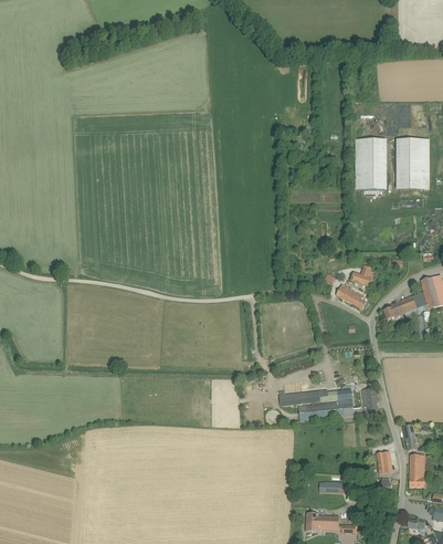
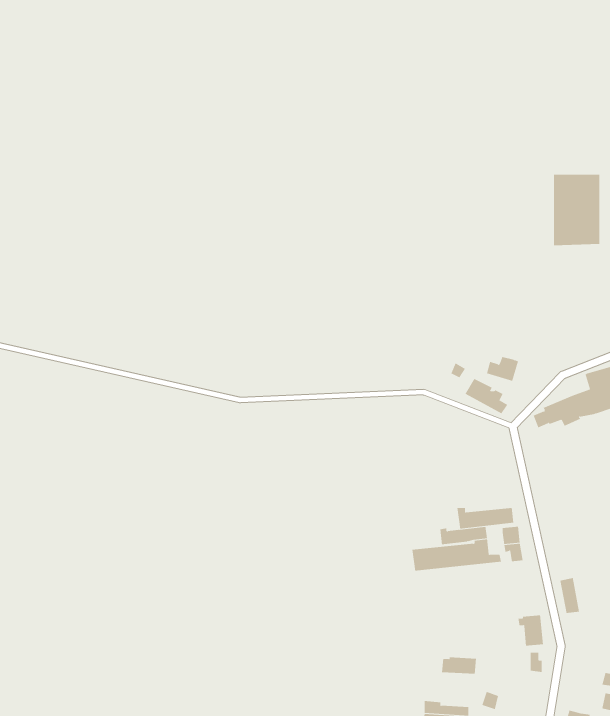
building: [356,138,389,189] -> none
building: [277,390,318,406] -> [456,507,514,529]
building: [409,454,424,487] -> none

